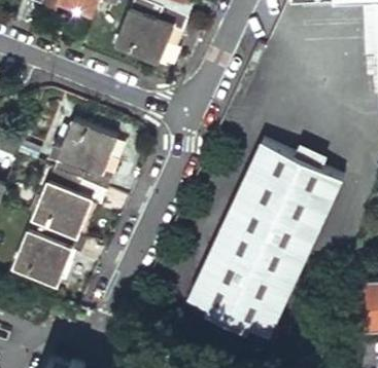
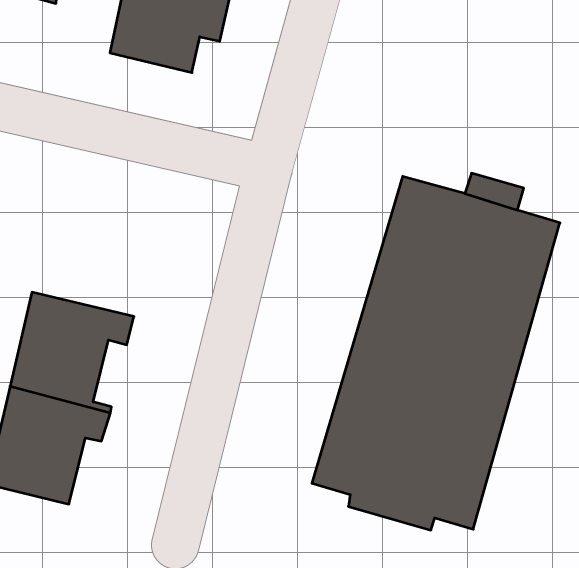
building: [51,125,116,193] -> none

